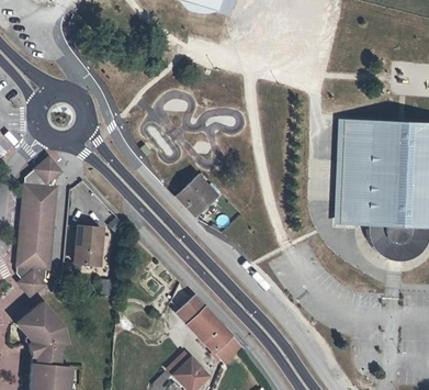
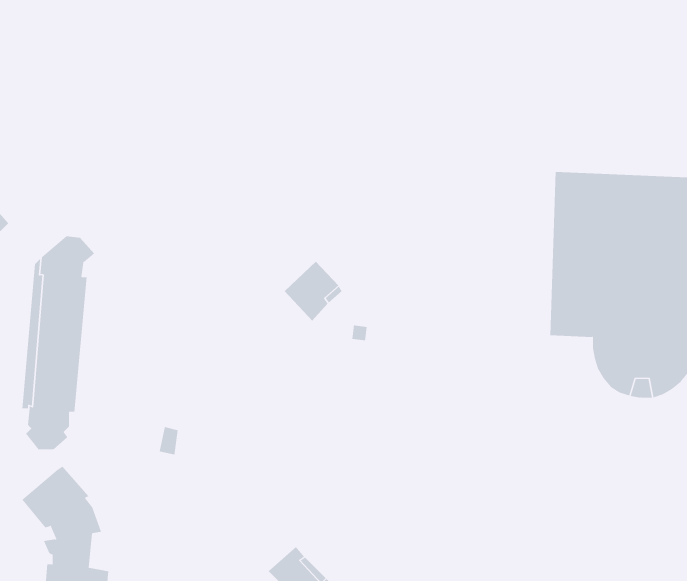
building: [75,225,102,265] -> none
building: [180,296,242,364] -> none

